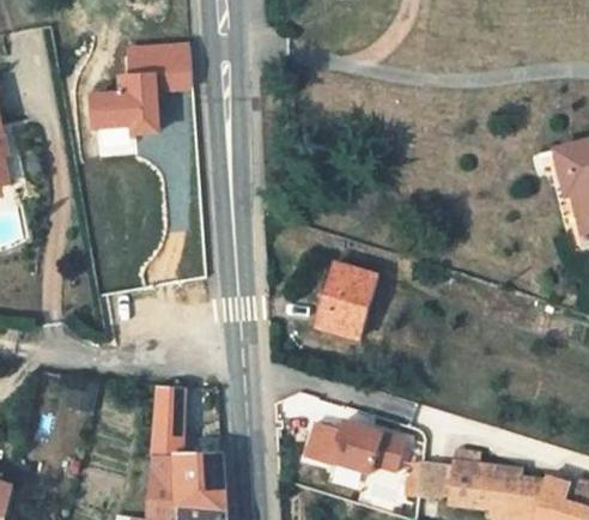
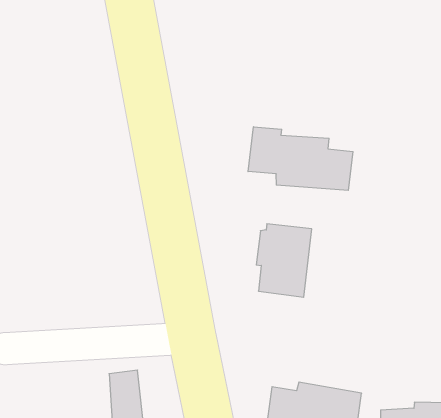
building: [90,46,187,133] -> none
building: none -> [248,127,353,190]

